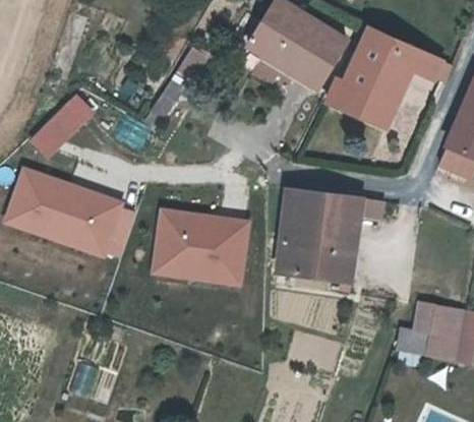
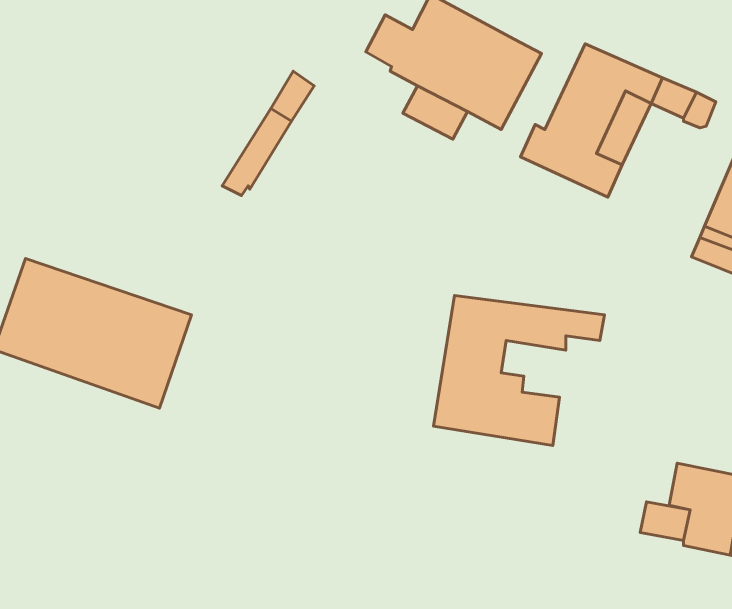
building: [25,94,95,161] -> none
building: [147,207,250,288] -> none
building: [319,218,360,253] -> none

